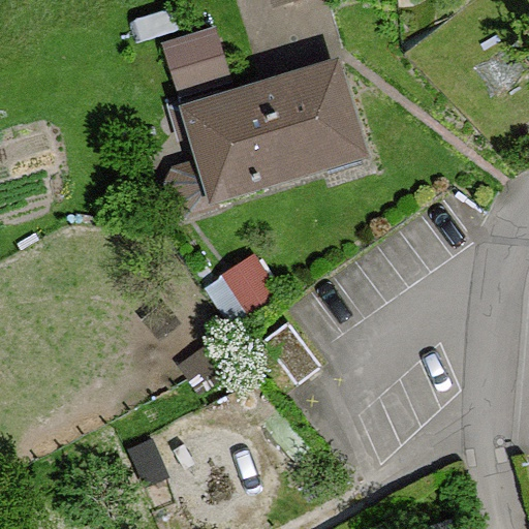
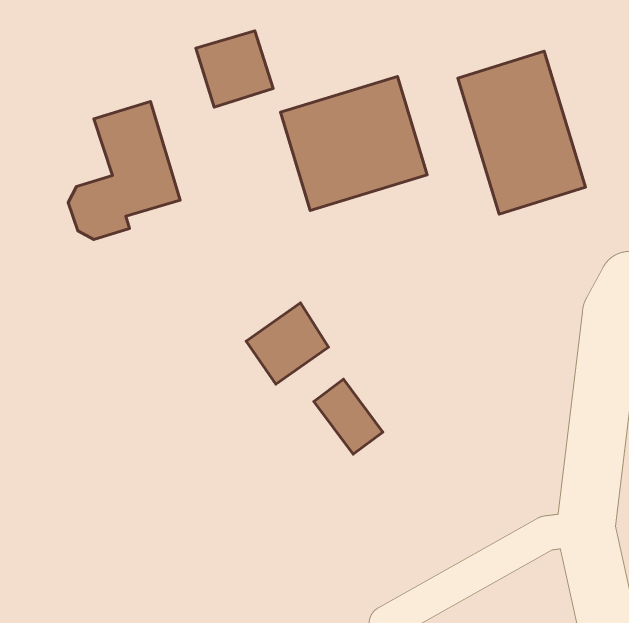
building: none -> [458,51,586,214]
building: [166,94,260,210] -> [68,102,180,239]

